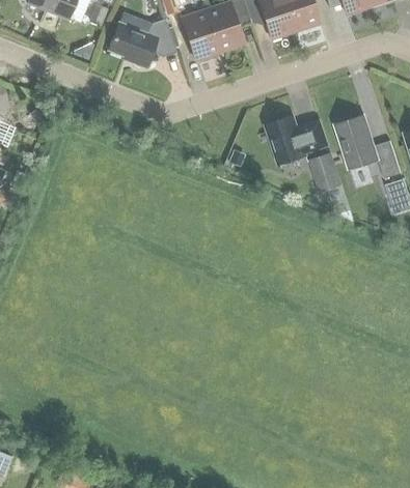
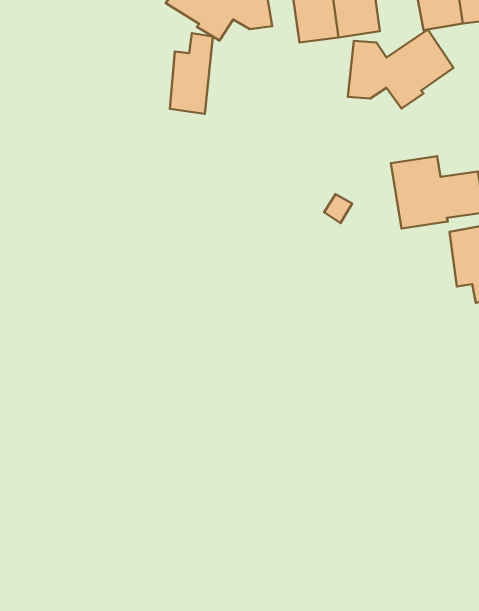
building: none -> [348,29,453,109]
building: none -> [170,33,213,114]

